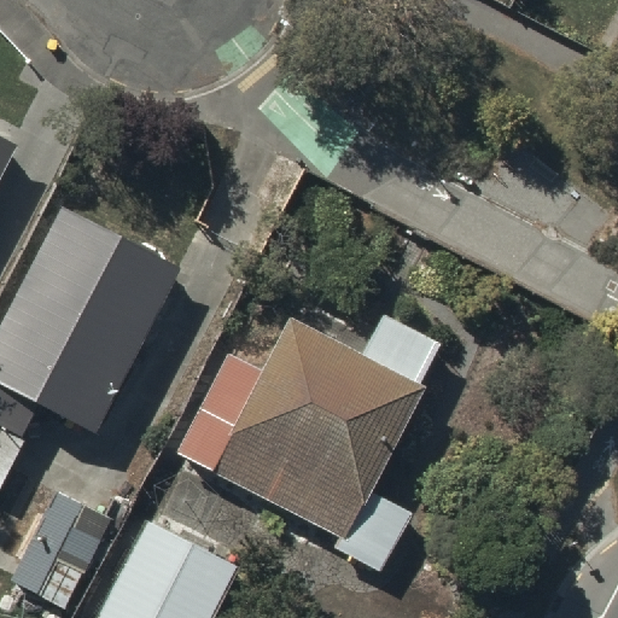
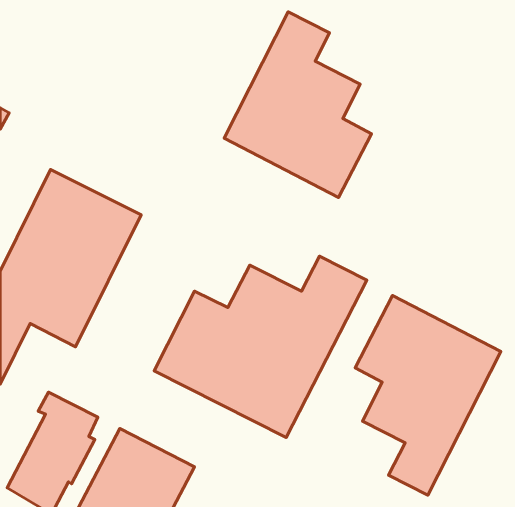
building: none -> [224,12,371,197]
building: none -> [355,296,501,495]

